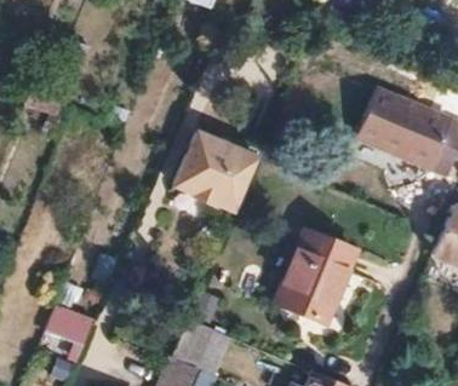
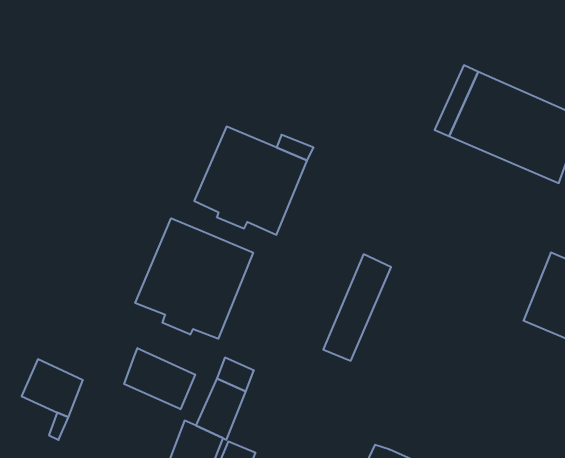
building: none -> [135,218,253,339]
building: [292,237,354,322] -> none
building: none -> [124,348,195,409]

